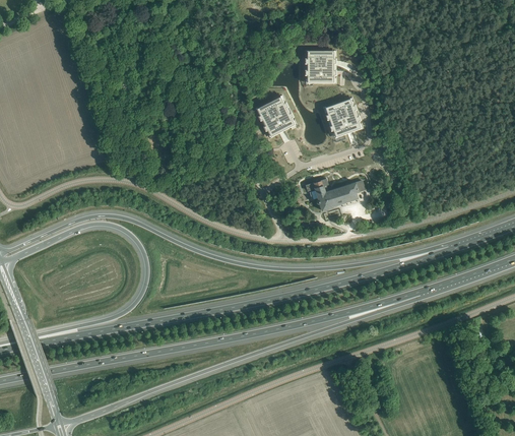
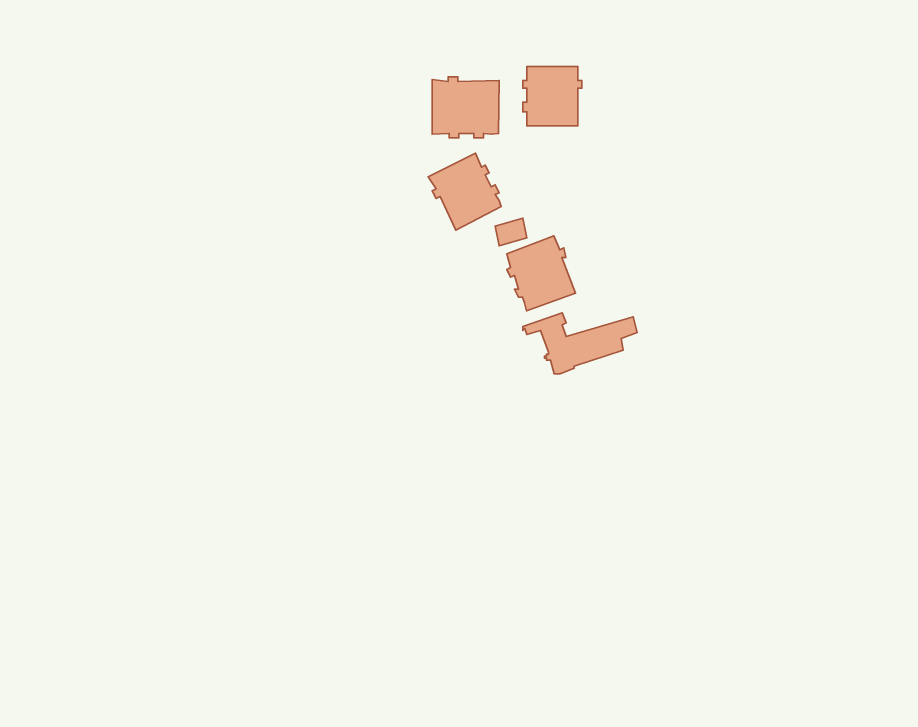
building: none -> [432,77,499,138]
building: [325,98,361,136] -> [507,236,576,311]

